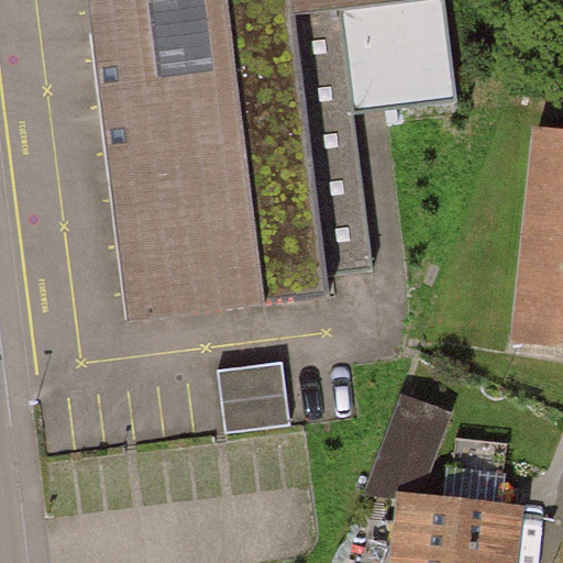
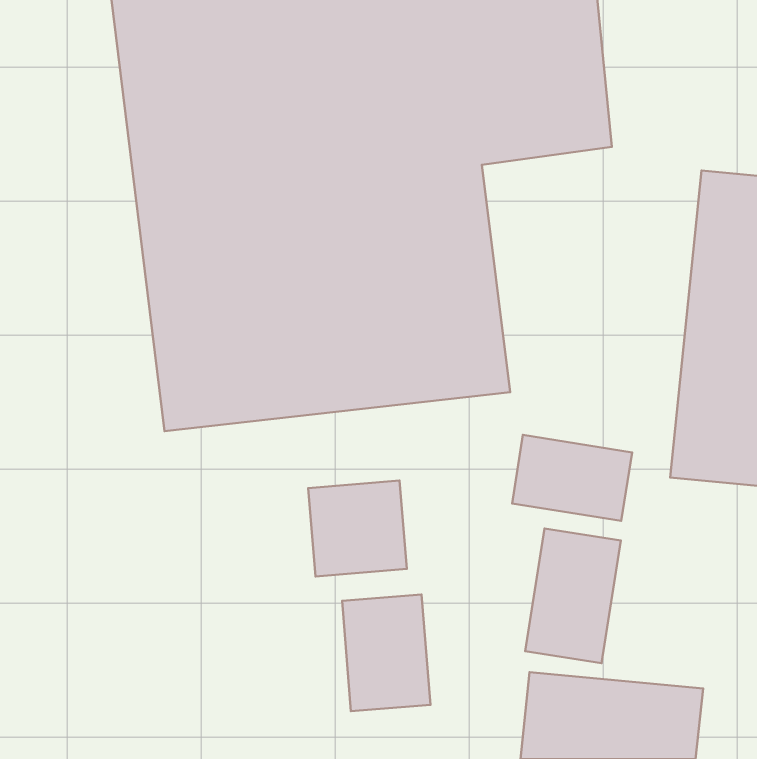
building: none -> [512,435,632,521]
building: none -> [342,594,430,711]

